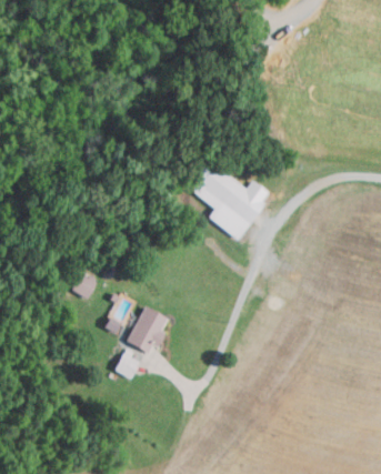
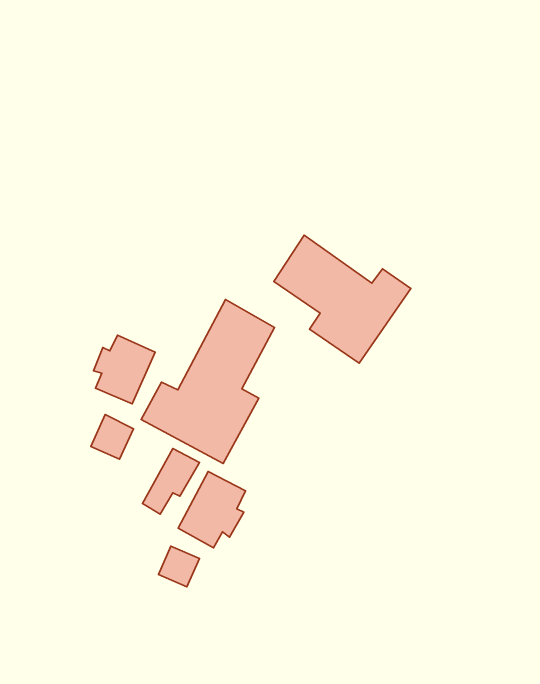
building: none -> [141,299,275,463]
building: none -> [93,335,155,404]

